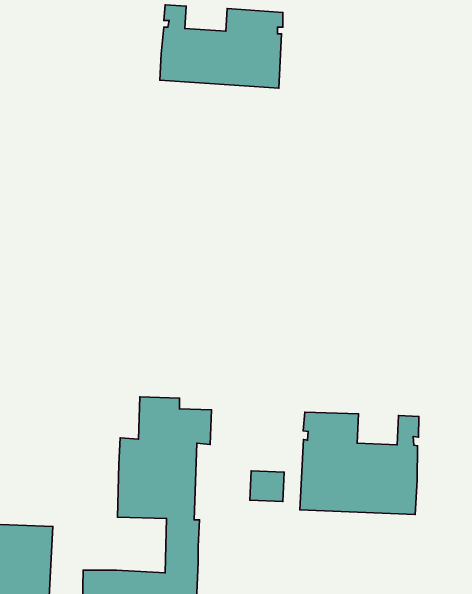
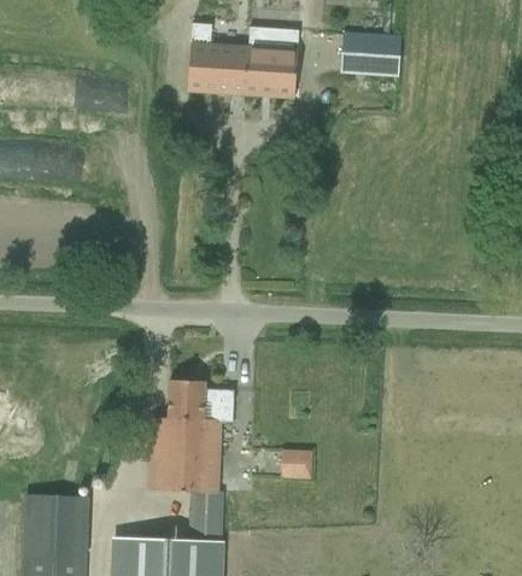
building: none -> [340,33,403,80]
building: [300,412,419,515] -> none

